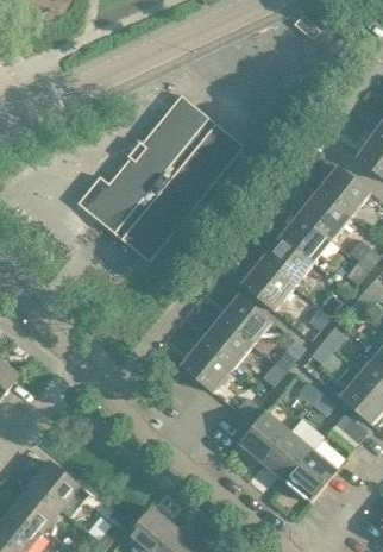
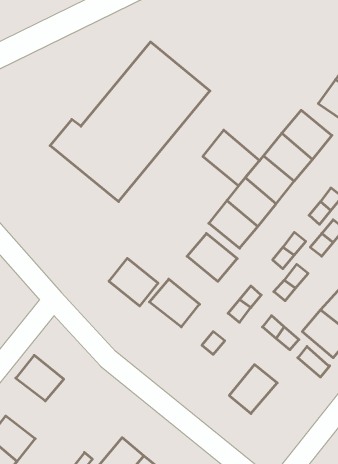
building: none -> [203,130,260,186]
building: [200,319,251,369] -> [109,258,158,306]
building: [239,412,289,464] -> none
building: [285,451,337,503] -> none
building: [30,462,80,509] -> [16,355,64,401]

